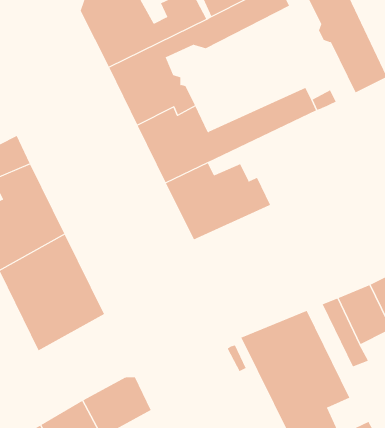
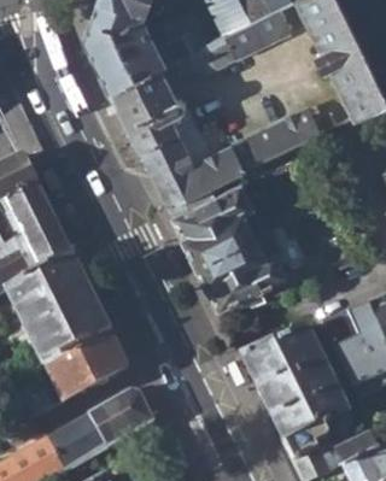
building: none -> [195,223,286,316]
building: none -> [17,329,125,417]

